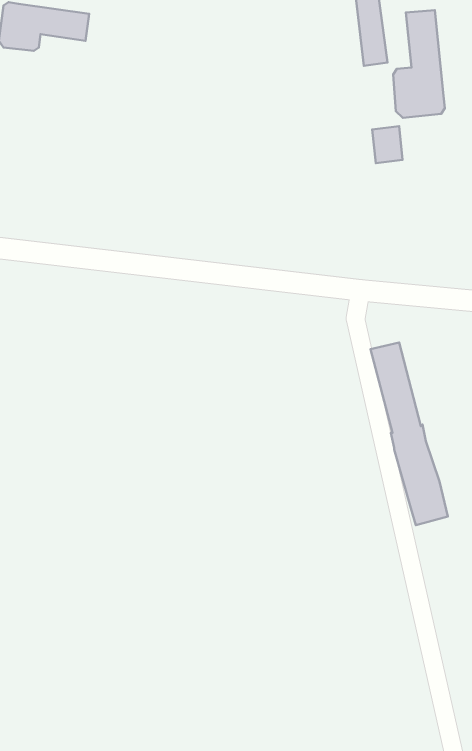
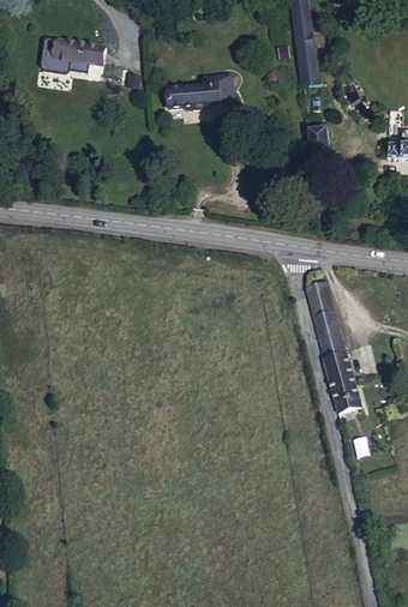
building: [393,10,445,118] -> none
building: none -> [167,74,233,109]

